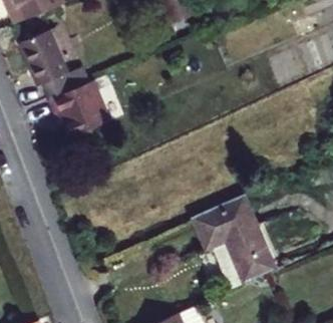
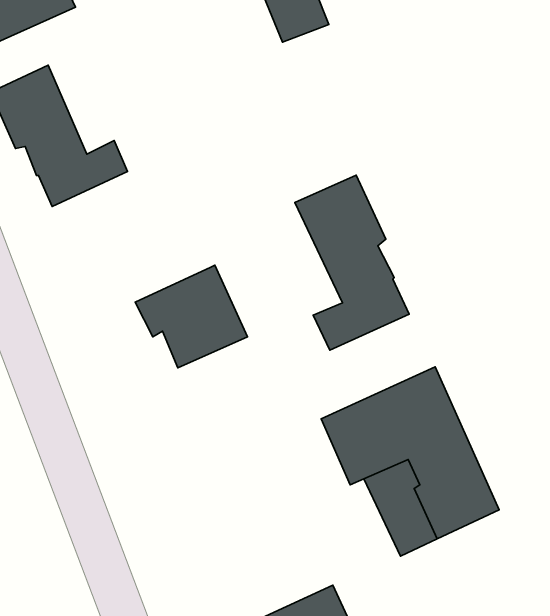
building: [49,89,107,142] -> [135,265,248,368]
building: none -> [295,175,409,350]

